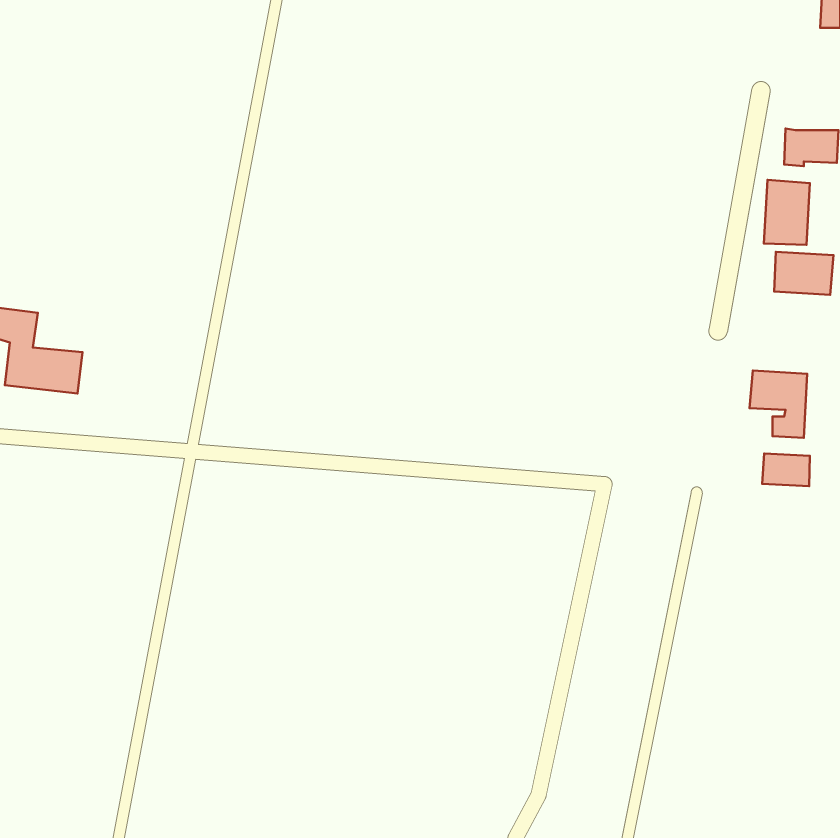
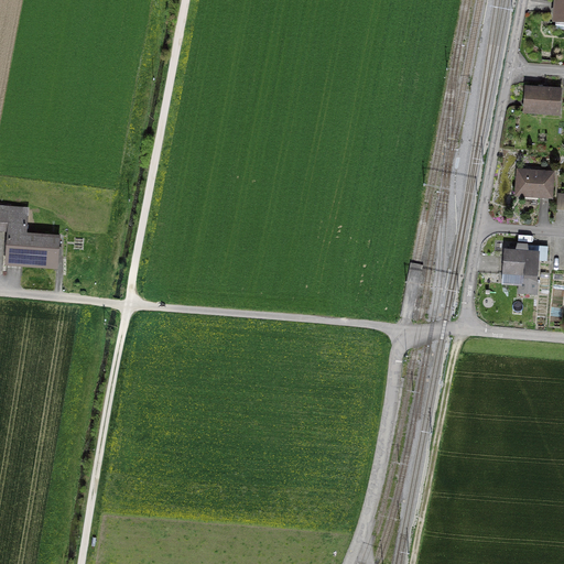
building: [764,180,810,245] -> none
building: [762,453,810,486] -> none

